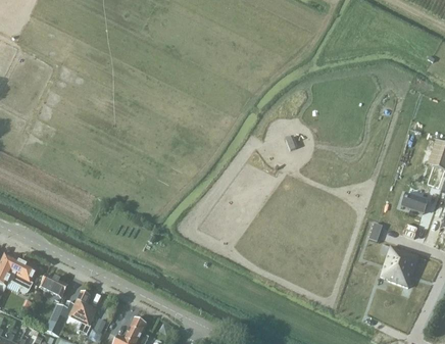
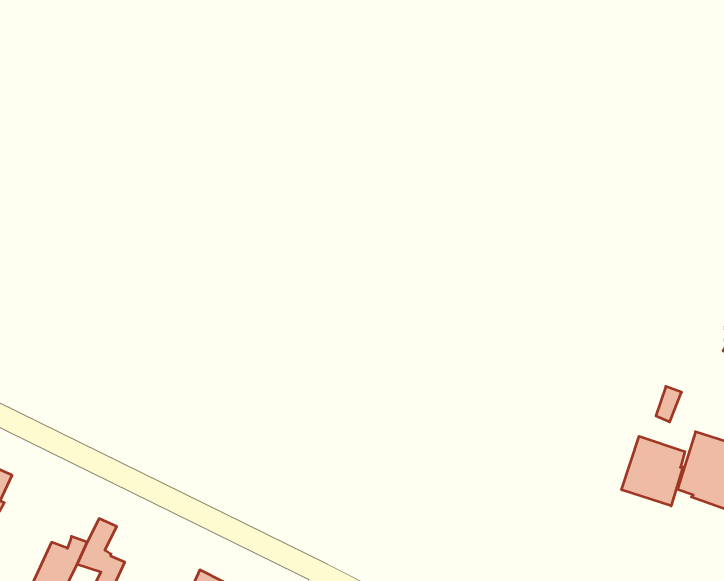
building: none -> [622,436,685,506]
building: [40,273,68,297] -> none

